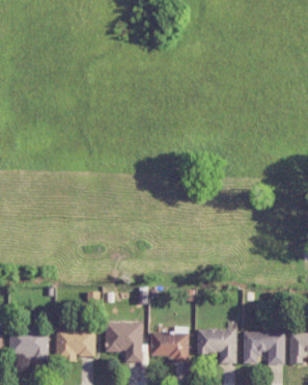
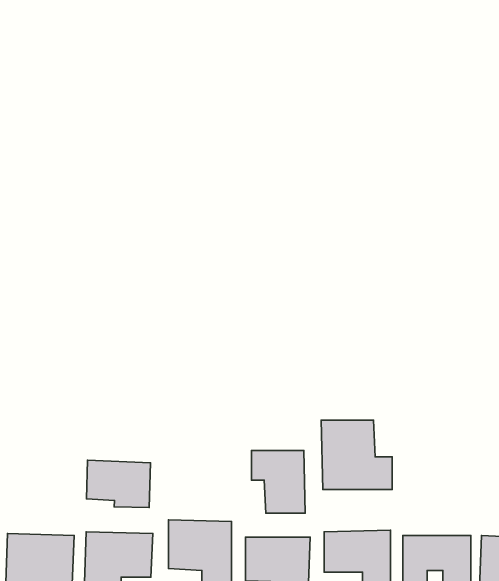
building: none -> [321,420,392,489]
building: none -> [252,451,305,513]
building: none -> [87,460,151,508]

